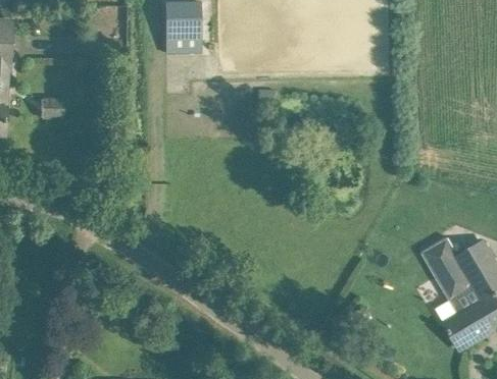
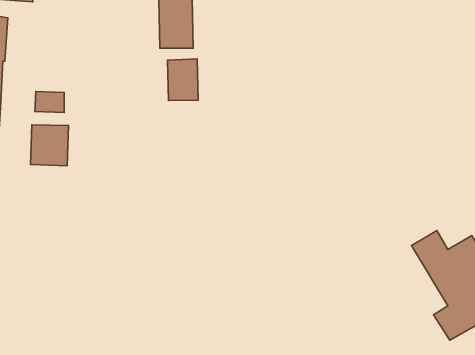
building: none -> [168,59,198,100]
building: none -> [31,125,69,166]

